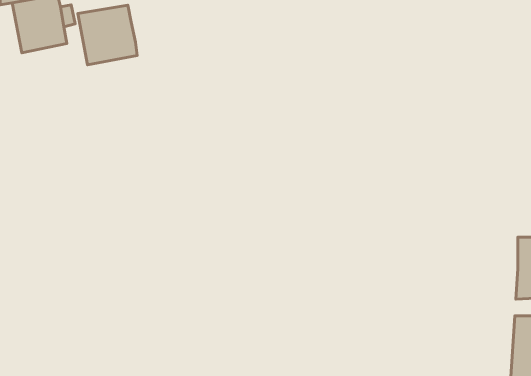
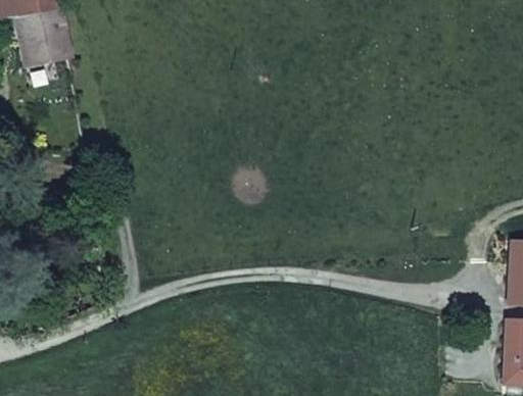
building: [78,5,137,65] -> none

